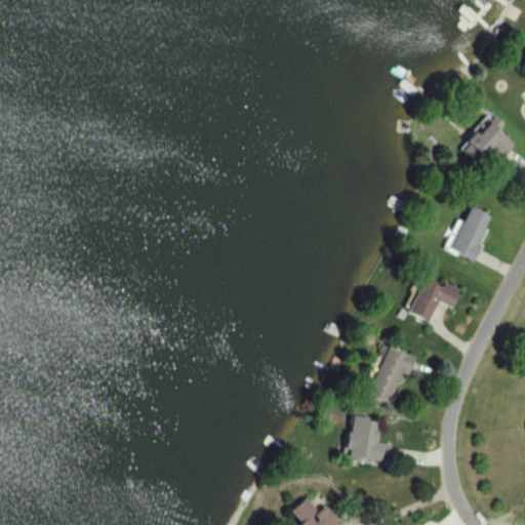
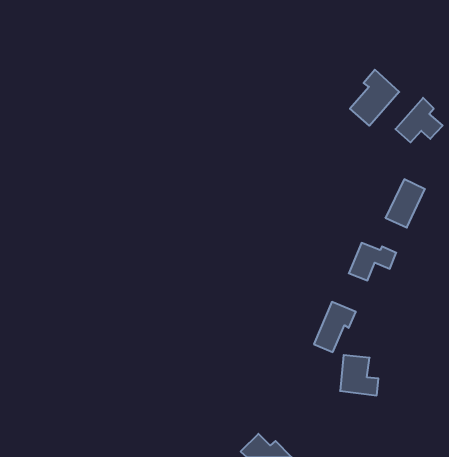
building: none -> [350,70,399,126]
building: [348,416,392,462] -> [340,355,378,395]

